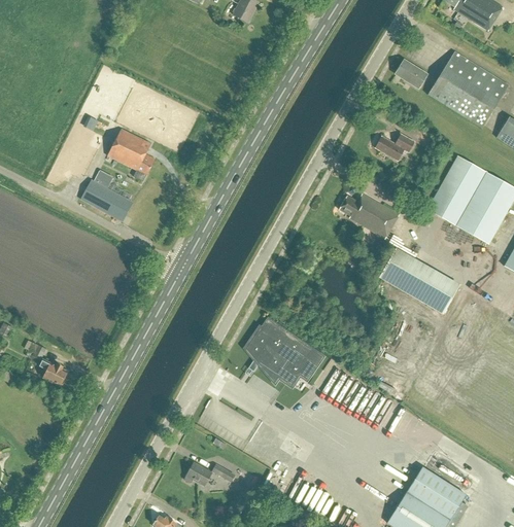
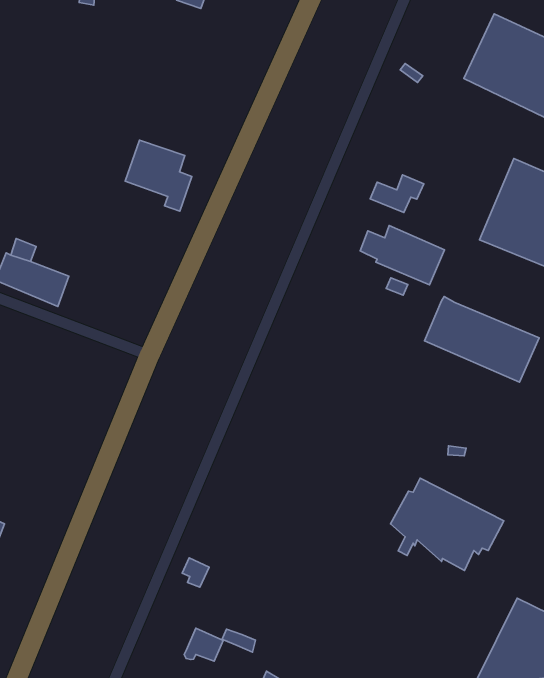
building: [395,59,425,86] -> none
building: [107,128,155,181] -> [125,140,192,211]
building: [375,133,414,160] -> [370,175,424,212]
building: [244,318,324,387] -> [391,478,504,571]

